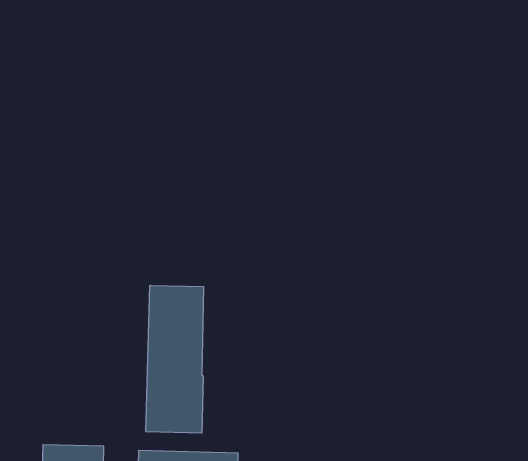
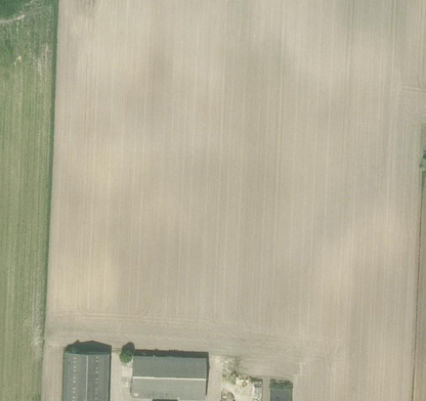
building: [146,285,203,433] -> none

